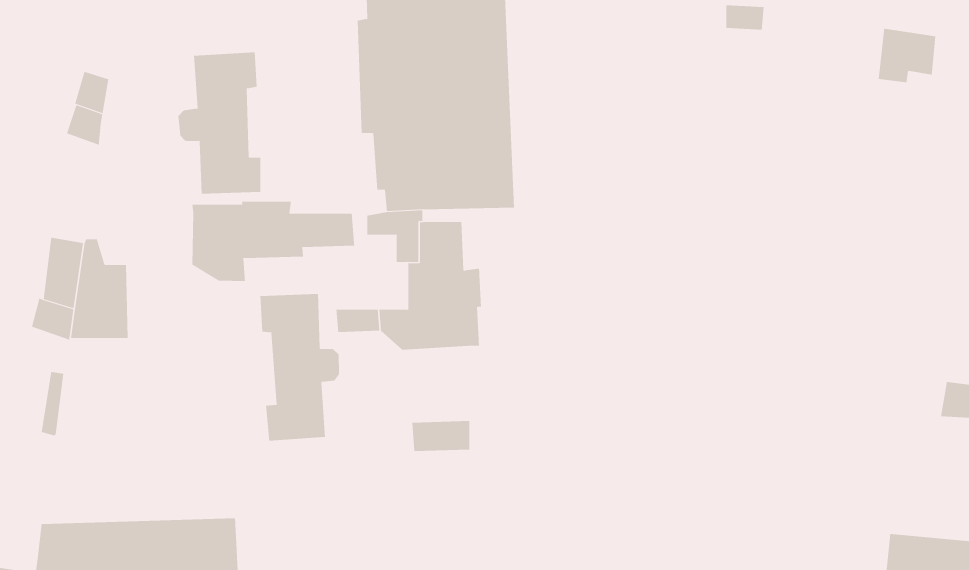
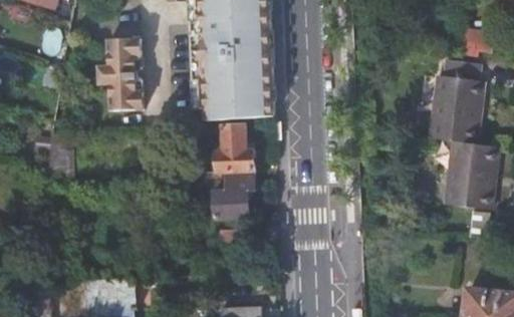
building: none -> [424,60,494,208]
building: [192,201,355,282] -> none
building: [260,293,339,442] -> none
building: none -> [216,191,251,220]

